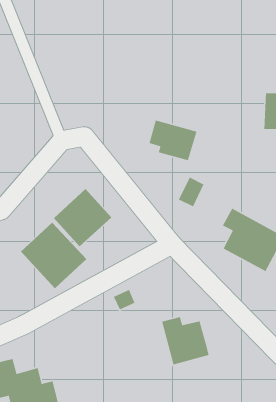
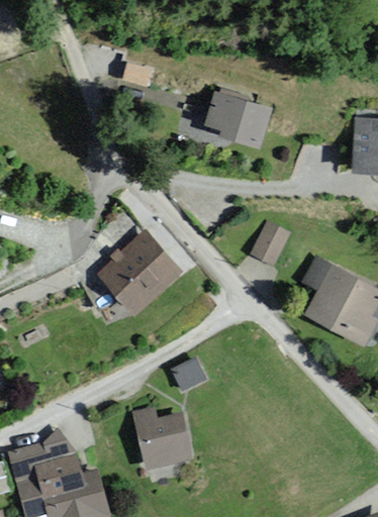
building: [149,120,198,161] -> [204,95,264,145]
building: [20,222,87,289] -> none
building: [161,316,209,365] -> [135,411,194,471]

